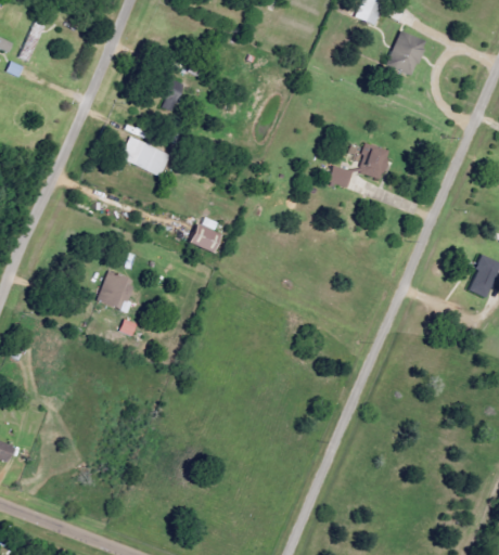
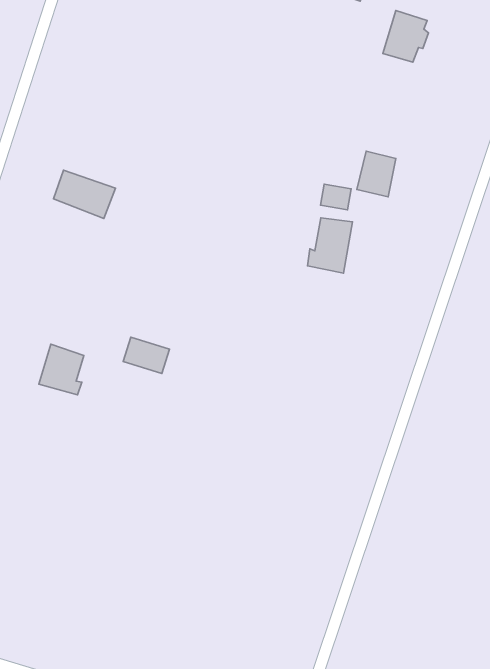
building: [154,74,183,111] -> none
building: none -> [308,218,353,273]
building: [185,223,222,254] -> [123,337,170,373]

